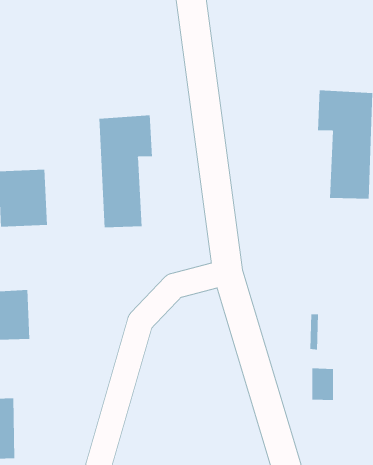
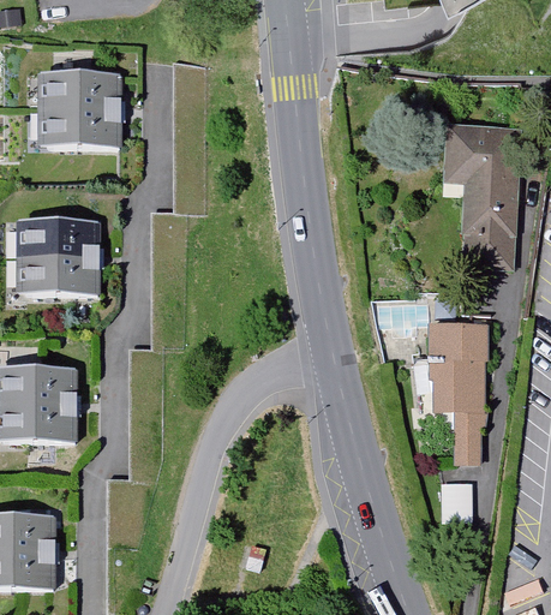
building: none -> [52,70,120,144]
building: [99,115,153,228] -> none
building: none -> [427,316,481,454]

